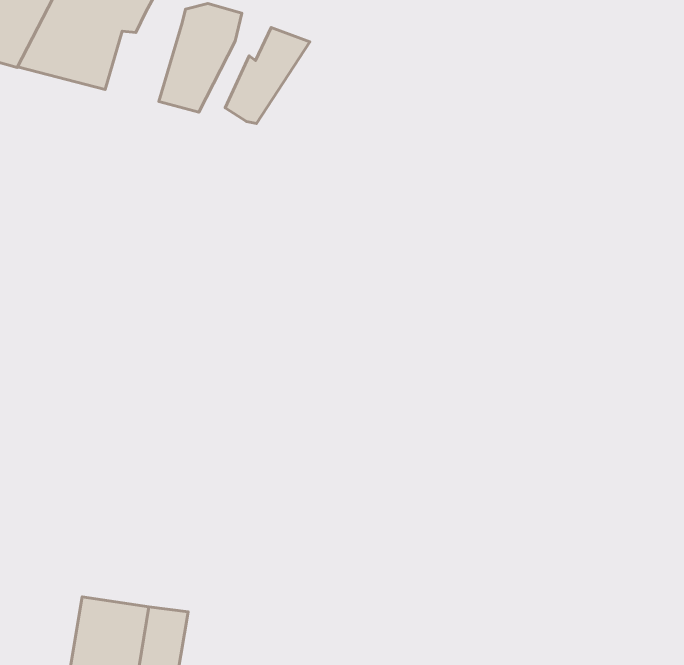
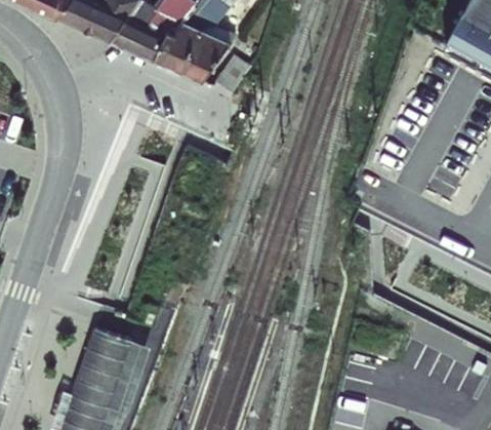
building: none -> [154,24,201,73]

